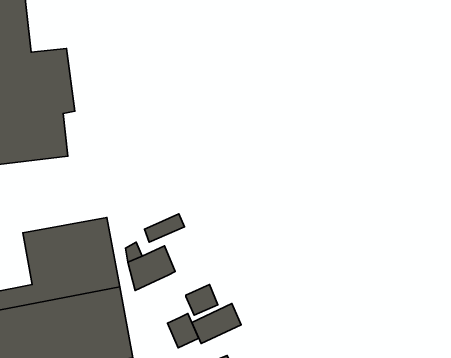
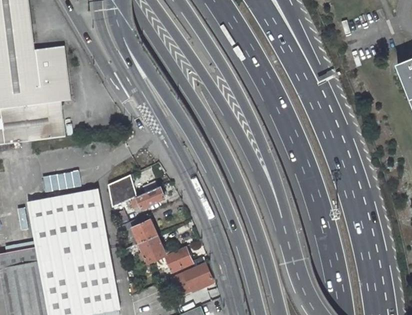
building: none -> [107,174,137,207]
building: [168,314,198,348] -> [139,235,165,264]

